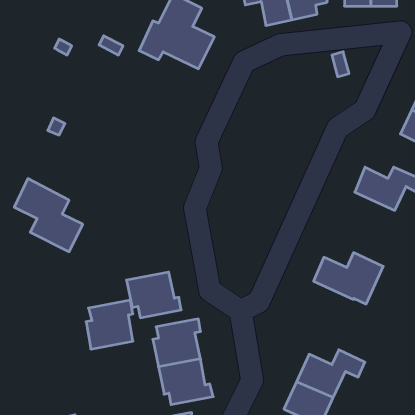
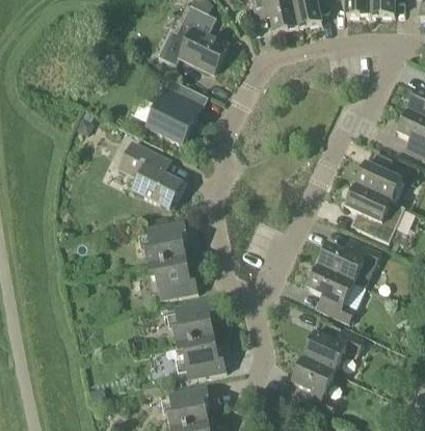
building: none -> [147,90,196,143]
building: [14,179,83,252] -> [119,140,182,207]
building: none -> [345,184,405,241]
building: none -> [308,265,355,321]
building: [86,300,133,349] -> [143,219,186,264]

